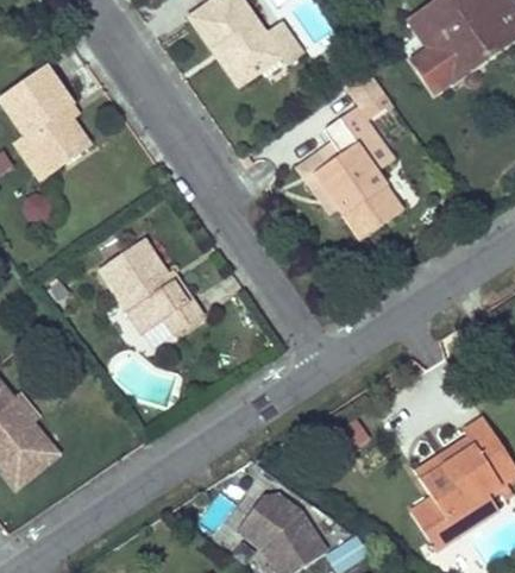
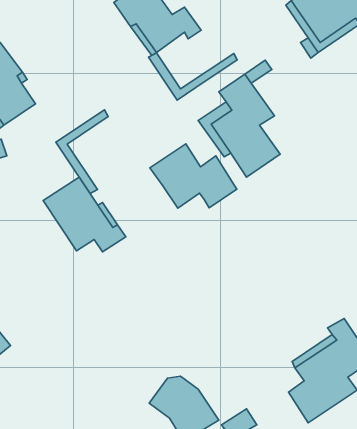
building: none -> [148,53,237,100]
building: none -> [56,110,108,194]
building: none -> [150,144,237,208]

